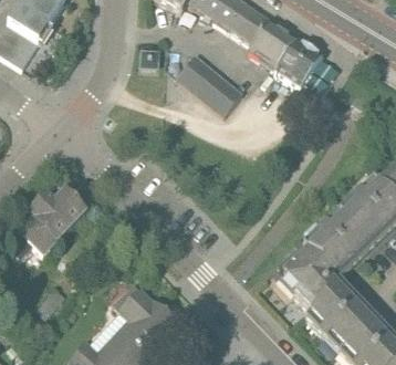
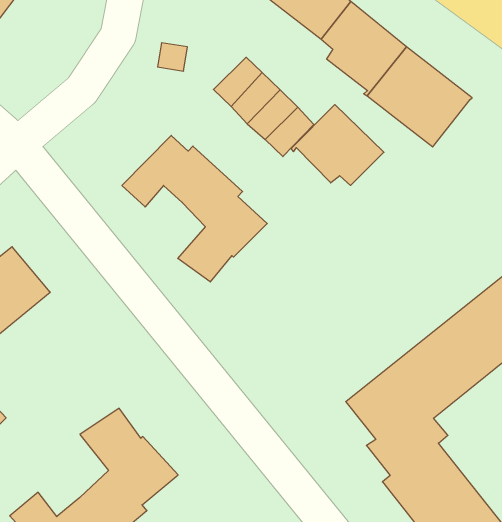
building: none -> [291,105,384,185]
building: none -> [122,135,267,282]

